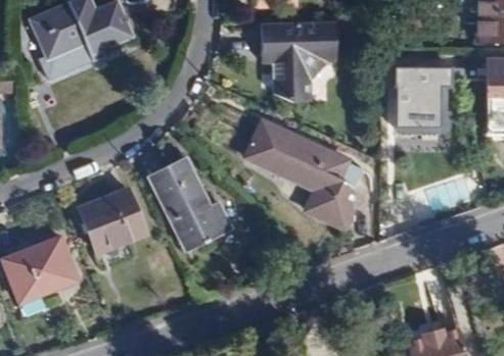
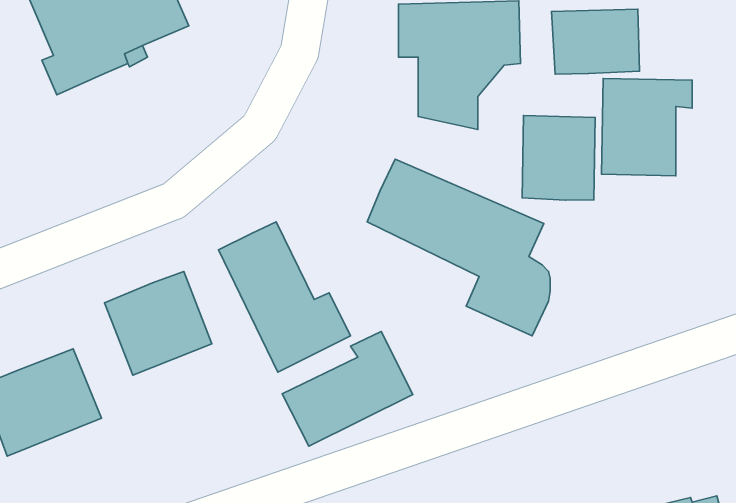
building: none -> [552,9,639,74]
building: none -> [522,115,595,200]
building: none -> [282,331,413,446]

